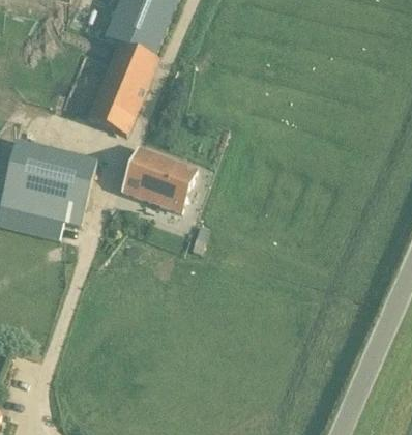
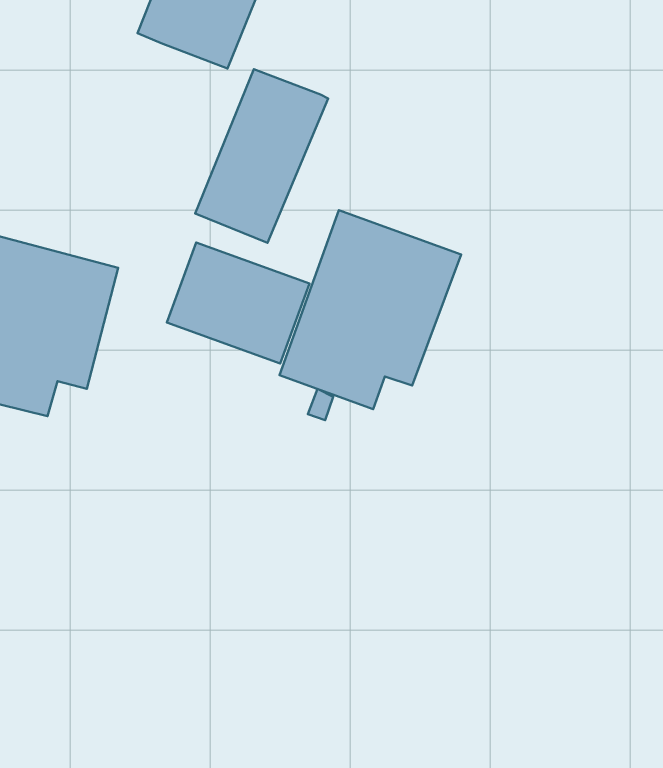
building: [87,41,157,134] -> [195,69,328,243]
building: none -> [279,210,461,409]

